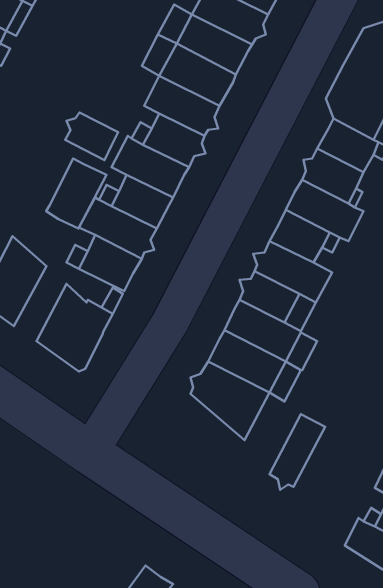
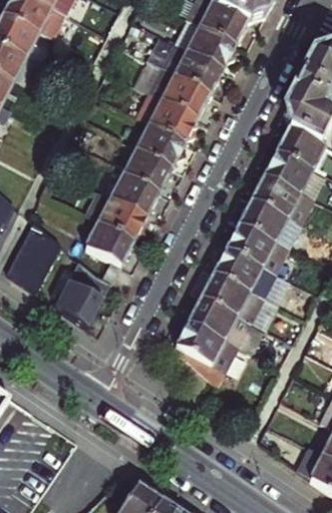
building: [65,113,118,160] -> none
building: [46,158,107,229] -> none
building: [269,414,325,490] -> none

